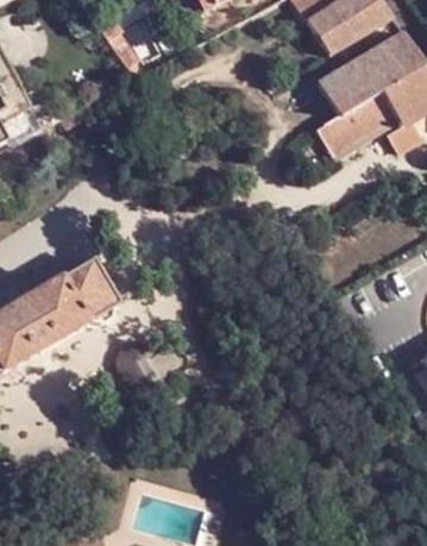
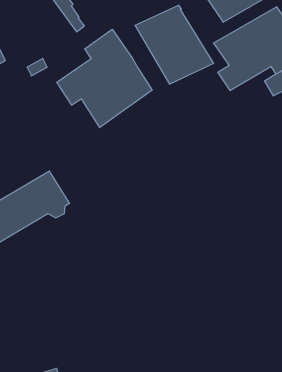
building: none -> [135,5,213,84]
building: none -> [57,29,152,128]

